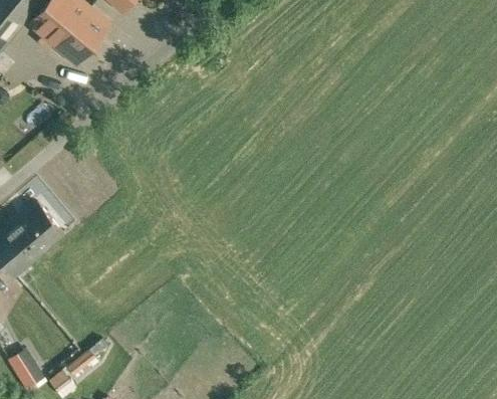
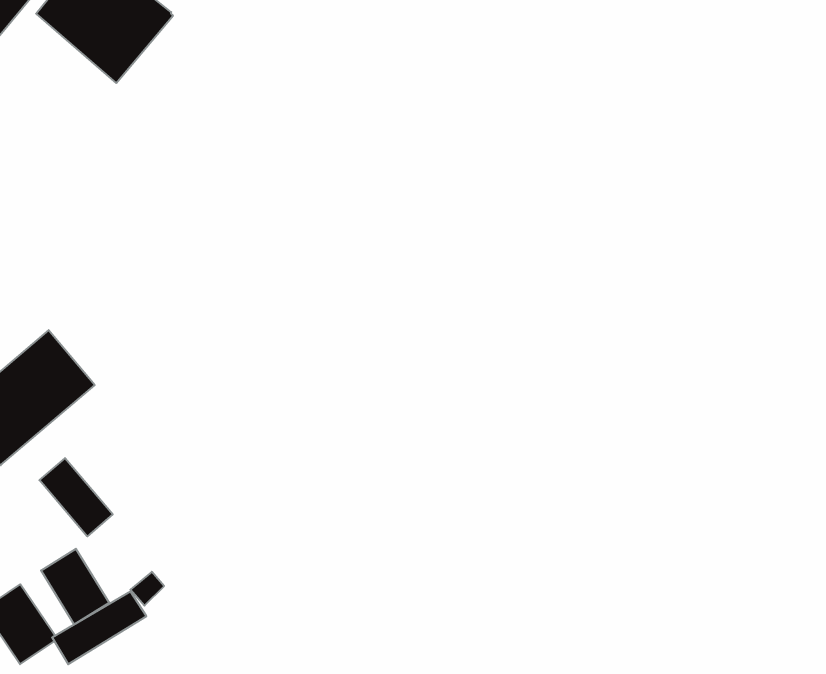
building: none -> [39,458,113,536]
building: none -> [41,549,109,625]

